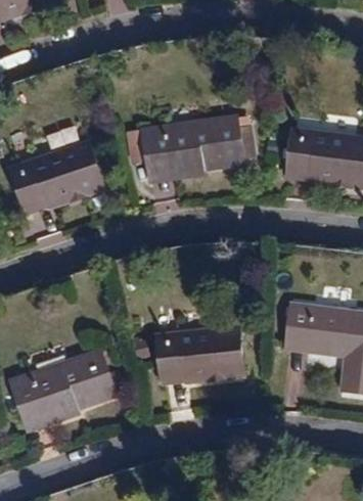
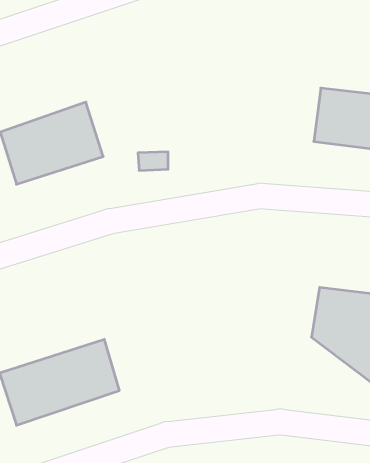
building: [145,116,242,176] -> none
building: [160,325,243,382] -> none

